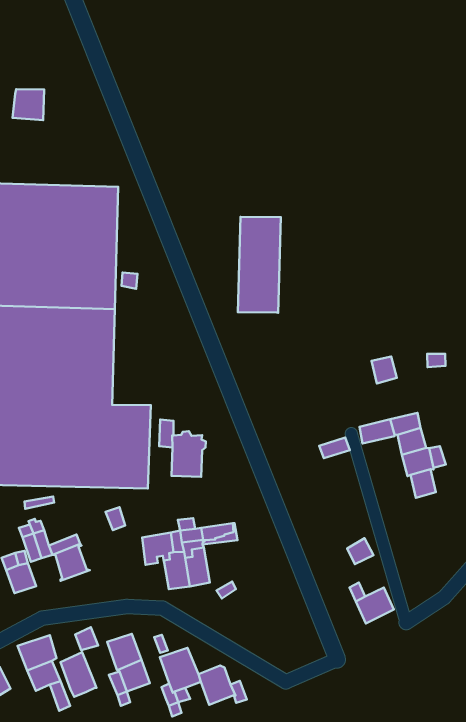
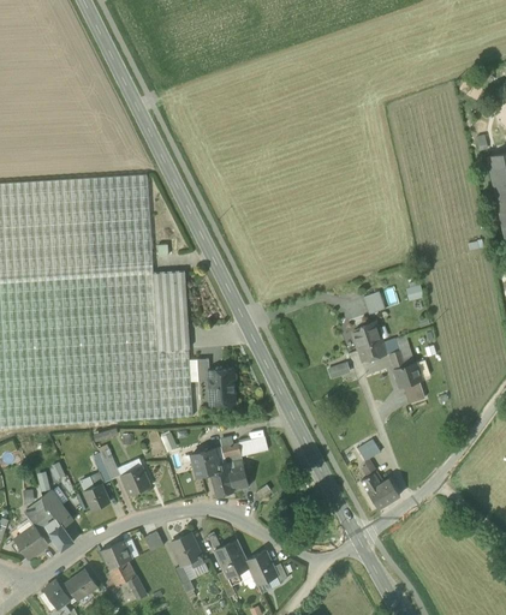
building: [13,89,44,120] -> none
building: [238,217,281,313] -> [153,271,190,351]
building: none -> [352,322,382,351]
building: [60,652,96,697] -> none

